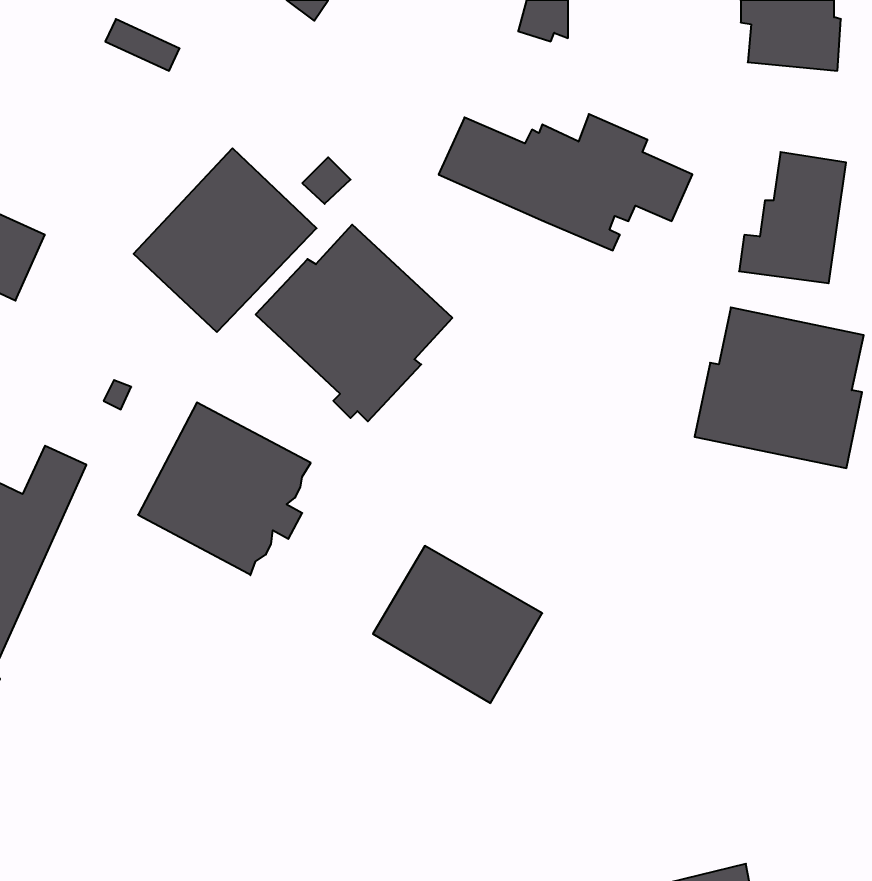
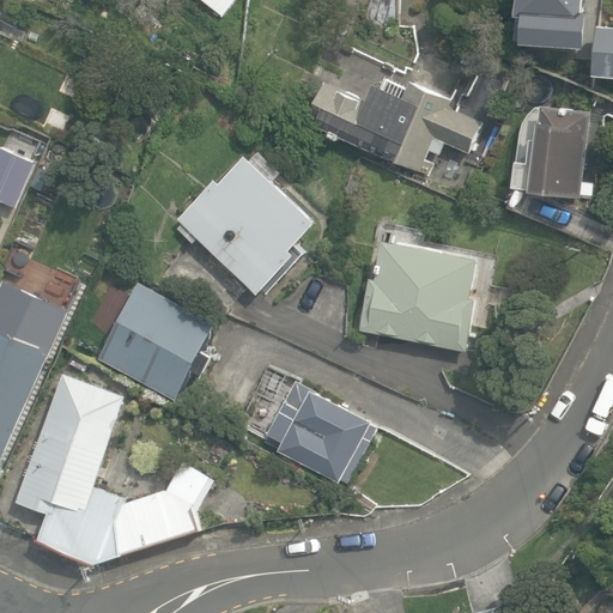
building: [134,148,317,332] -> none
building: [695,307,864,468] -> [359,239,477,351]
building: none -> [11,372,212,563]

